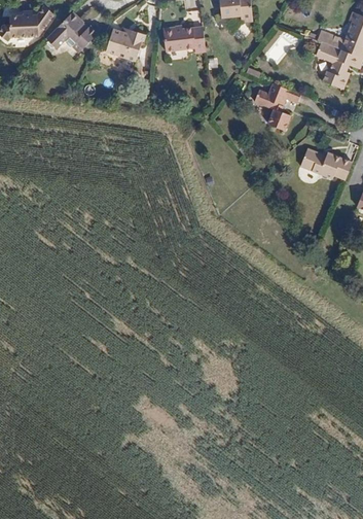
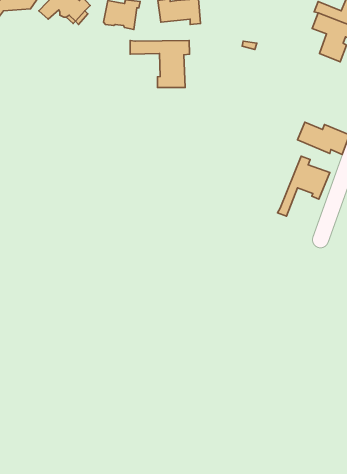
building: none -> [130,41,189,88]
building: [254,82,298,130] -> none
building: none -> [278,156,330,216]

